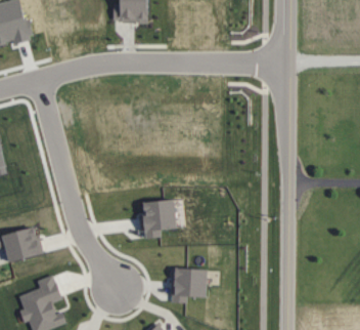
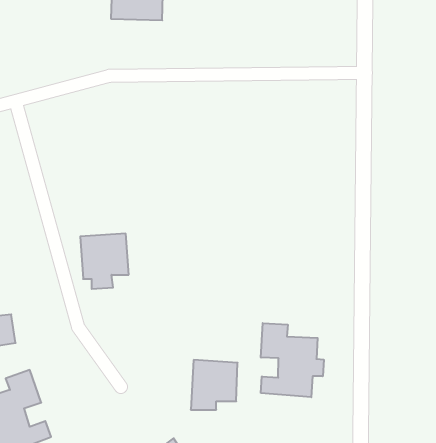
building: [138,199,173,239] -> [80,234,129,289]
building: none -> [261,323,324,397]

